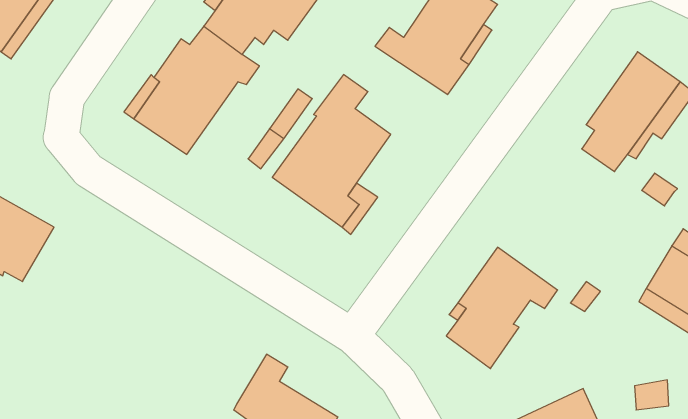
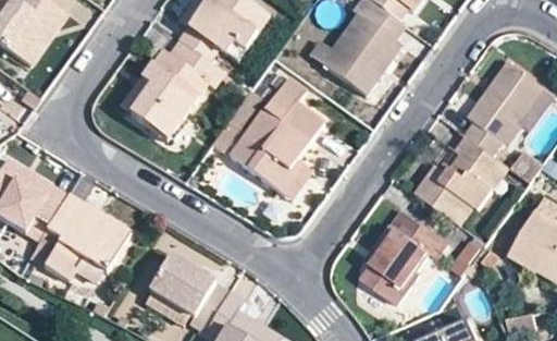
building: none -> [417,134,509,222]
building: none -> [37,194,129,280]
building: none -> [147,256,227,329]

